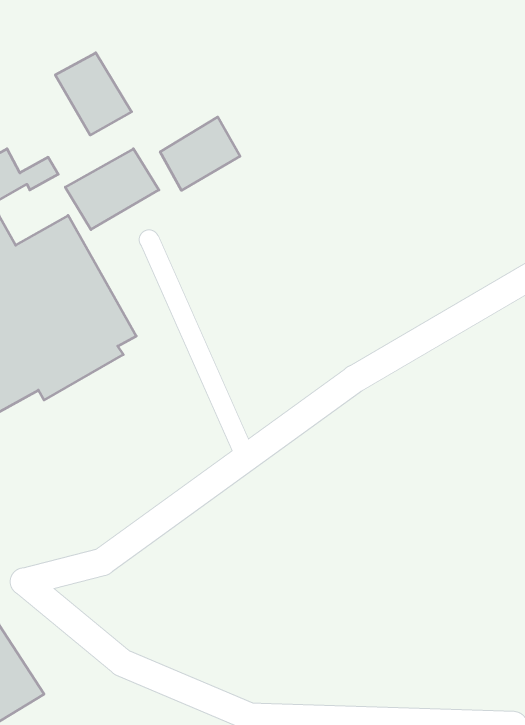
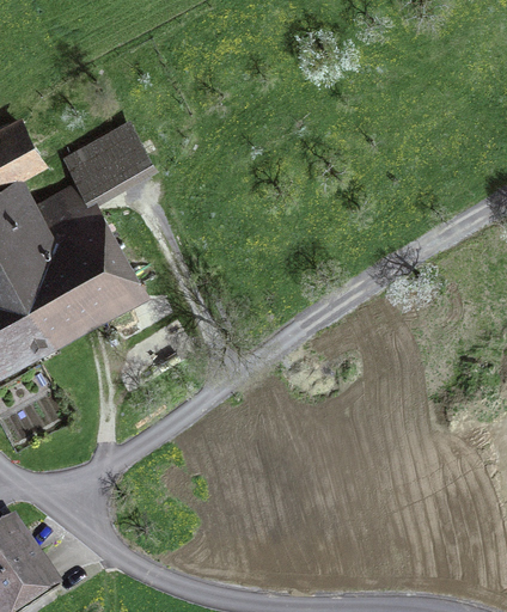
building: [55,53,132,135] -> none
building: [160,117,240,190] -> none

